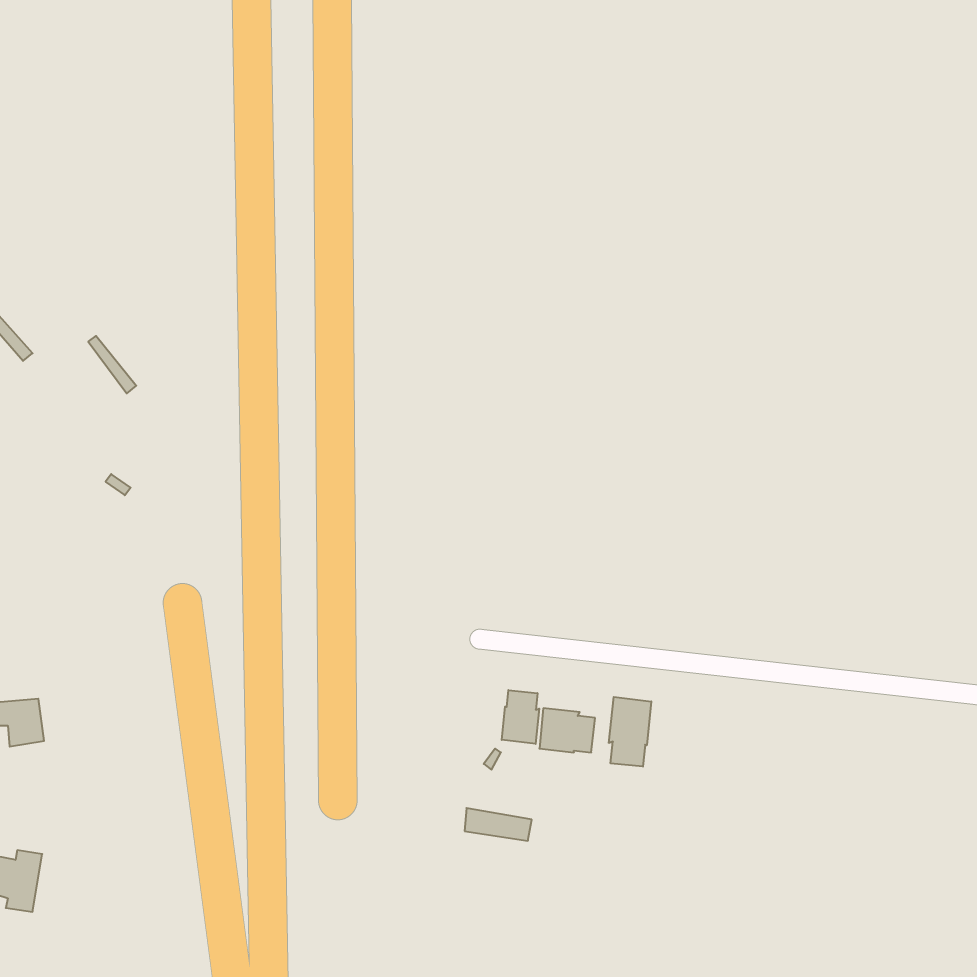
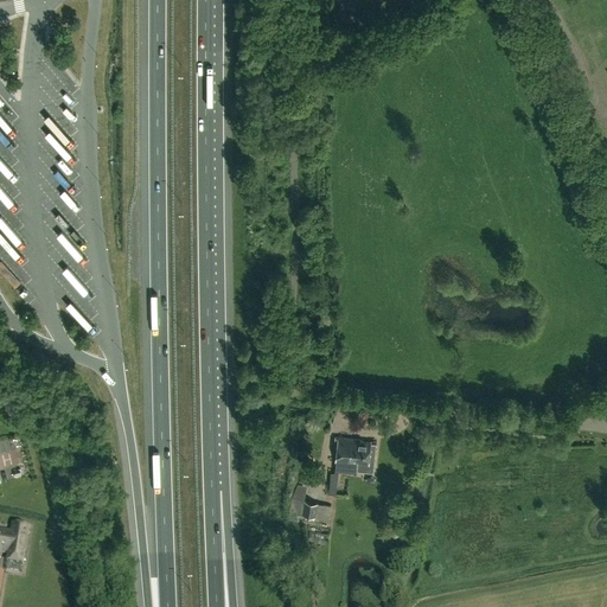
building: [502,690,539,744] -> none
building: [609,697,651,767] -> none

